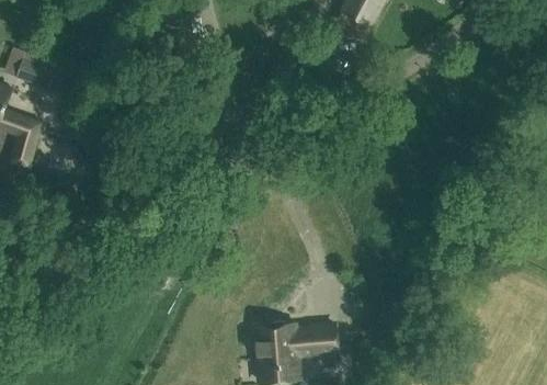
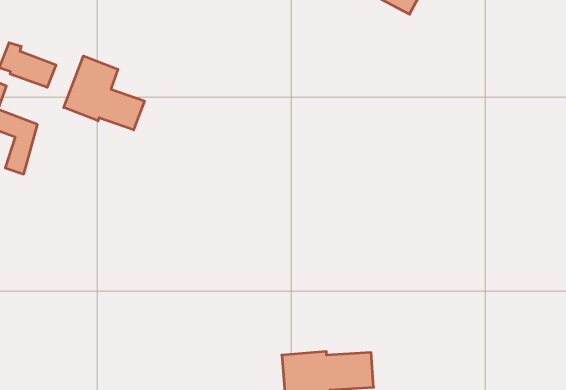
building: none -> [64,56,144,130]

